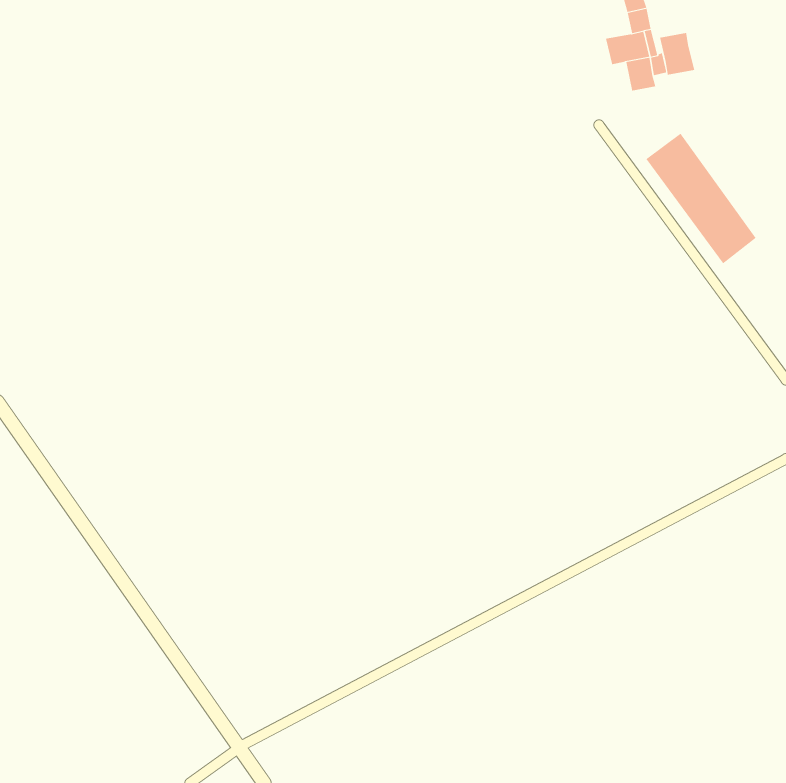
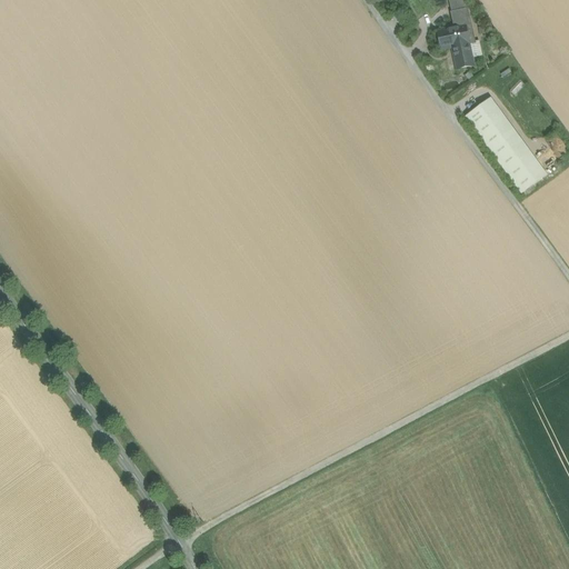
building: [660,32,695,75] -> none

